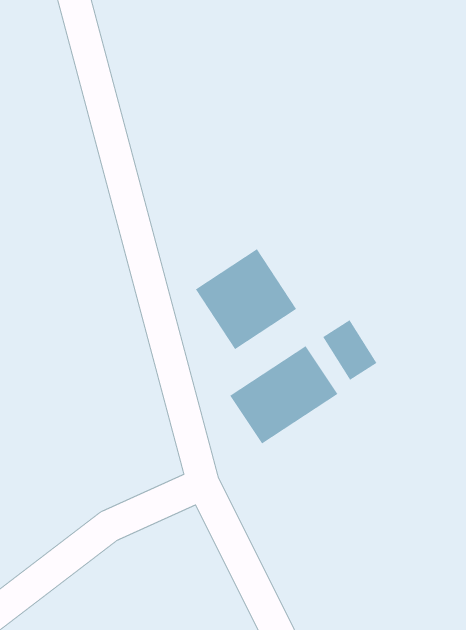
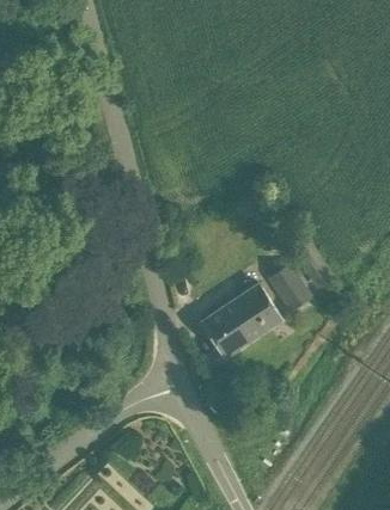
building: [195,248,297,350] -> none

